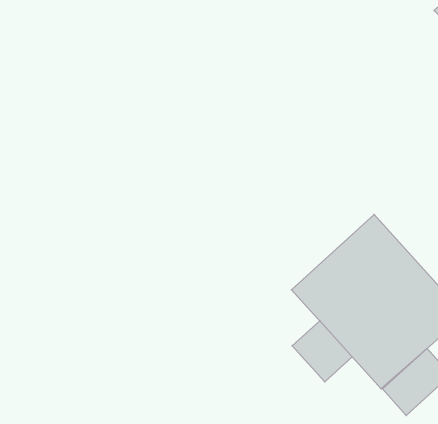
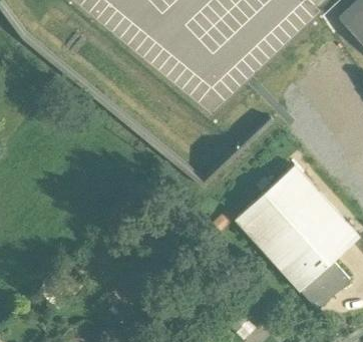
building: [292,321,352,382] -> none

